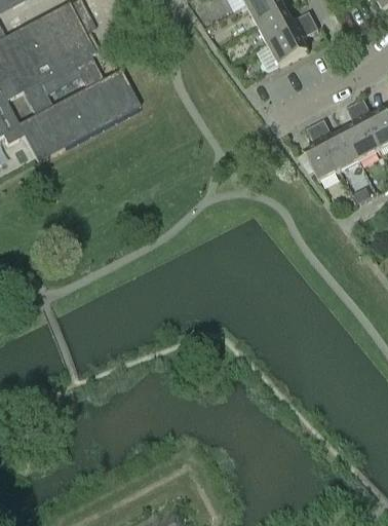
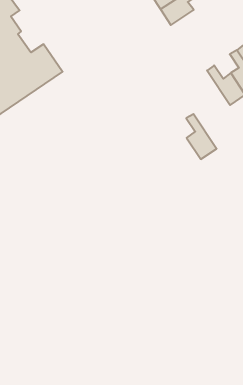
building: [304,123,339,179] -> [186,114,217,159]

